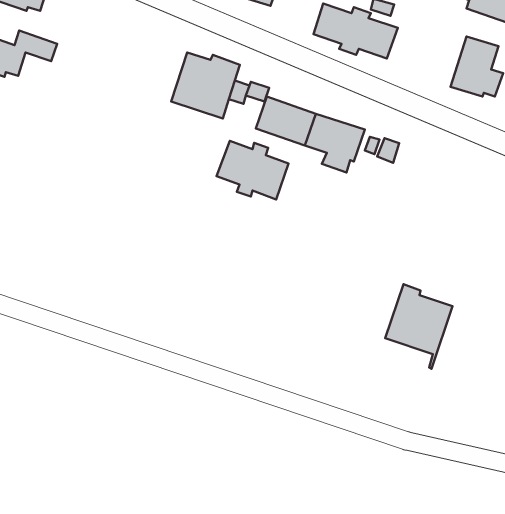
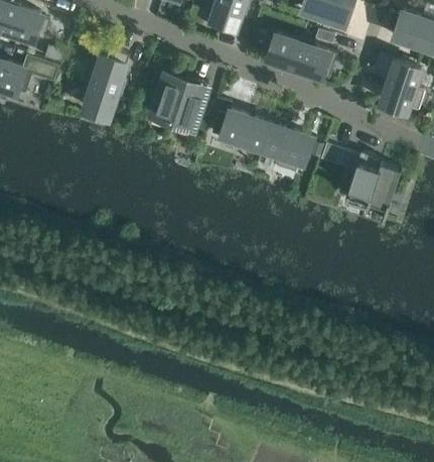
building: none -> [82,47,128,117]
building: [217,141,289,199] -> none
building: [385,284,452,369] -> [343,152,399,222]

